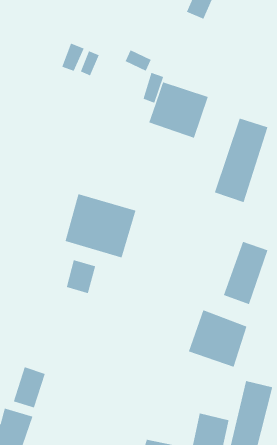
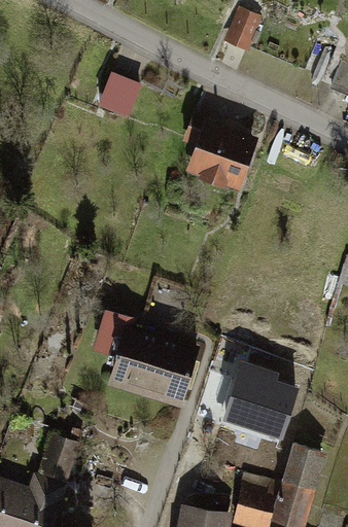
building: [214,117,269,203] -> none
building: [64,193,136,258] -> [119,327,198,398]
building: [223,241,268,305] -> none

